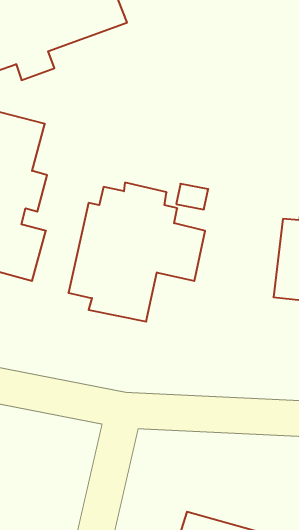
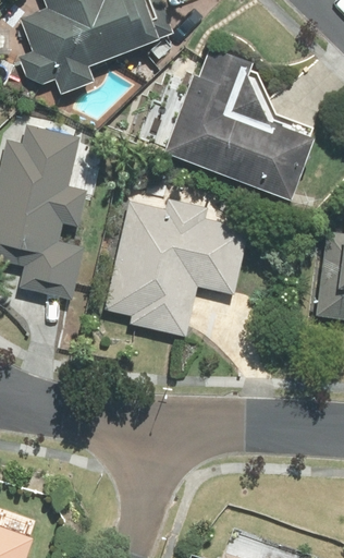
building: none -> [162,46,316,203]

